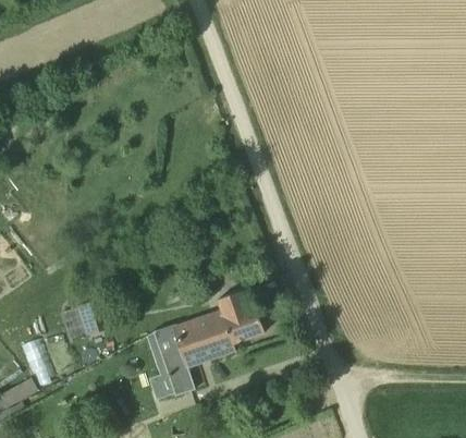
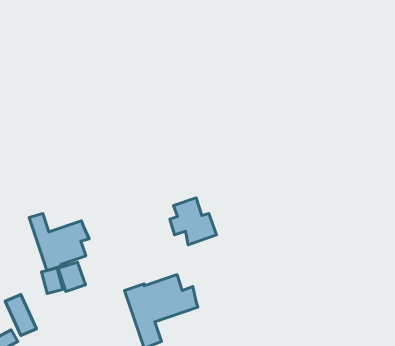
building: none -> [29,214,89,271]
building: [207,293,259,345] -> [170,198,217,245]

